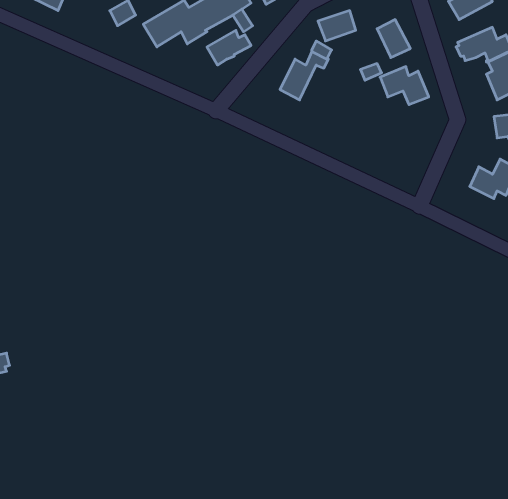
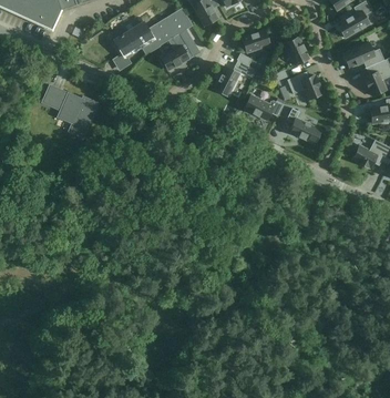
building: none -> [43,85,99,136]
building: none -> [244,95,283,121]
building: none -> [286,109,321,144]

